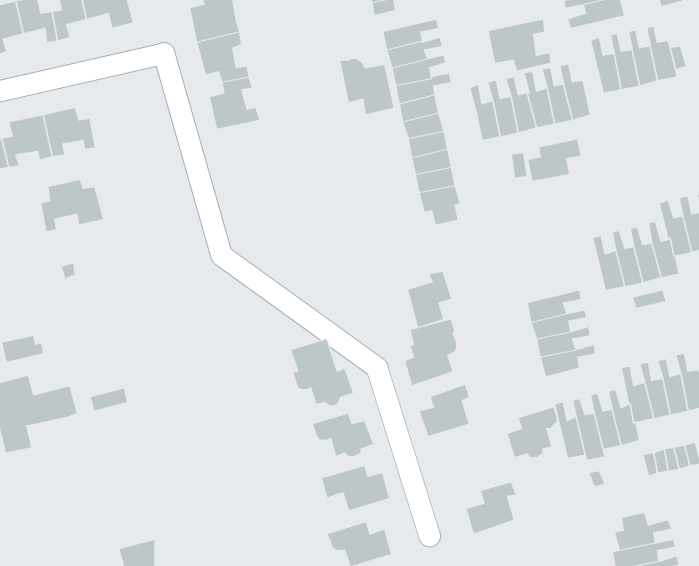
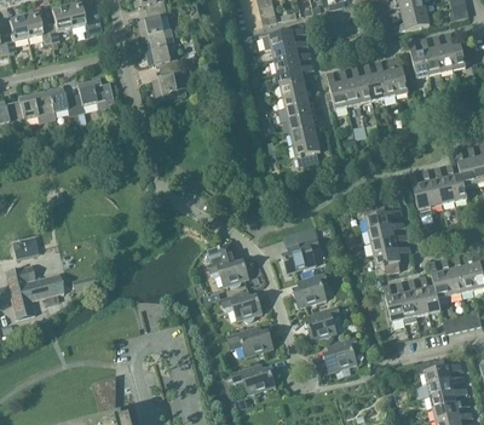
building: [488,19,551,71] -> none
building: [340,58,394,115] -> none
building: [528,139,581,182] -> none
building: [40,180,104,232] -> [73,77,115,113]
building: [408,271,452,328] -> none
building: [507,407,558,457] -> [306,305,340,339]

